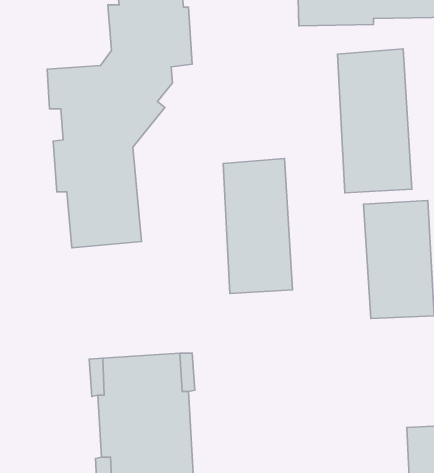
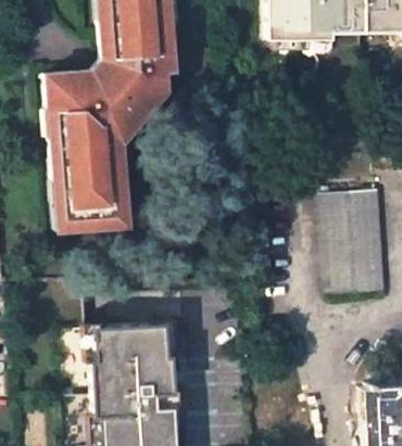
building: [338,49,412,193] -> none
building: [223,159,292,293] -> none

